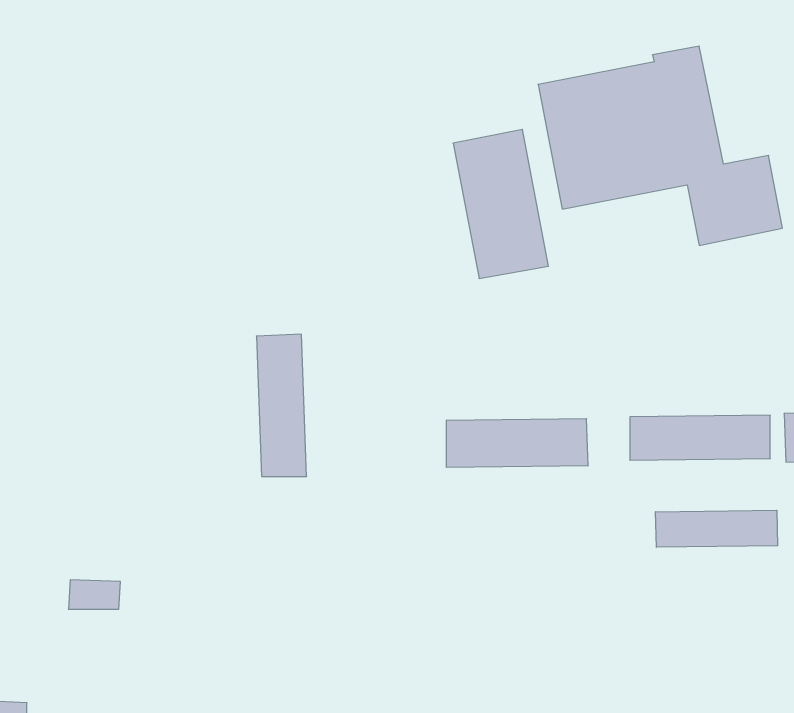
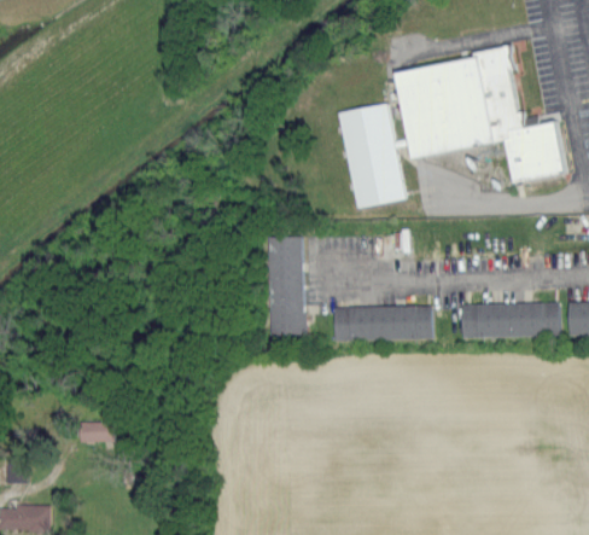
building: [256,334,307,476] -> [270,237,305,336]
building: [656,510,778,547] -> none

